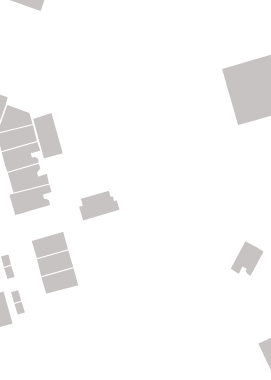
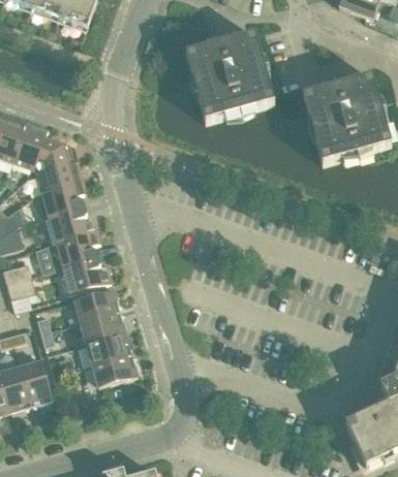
building: none -> [183,32,272,121]
building: [32,112,64,159] -> none
building: [78,190,121,221] -> [60,256,111,293]
building: [230,241,265,276] -> none
building: none -> [91,352,137,385]

